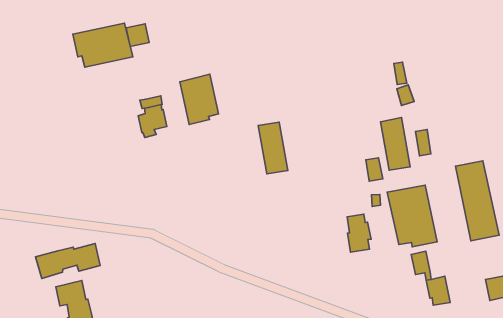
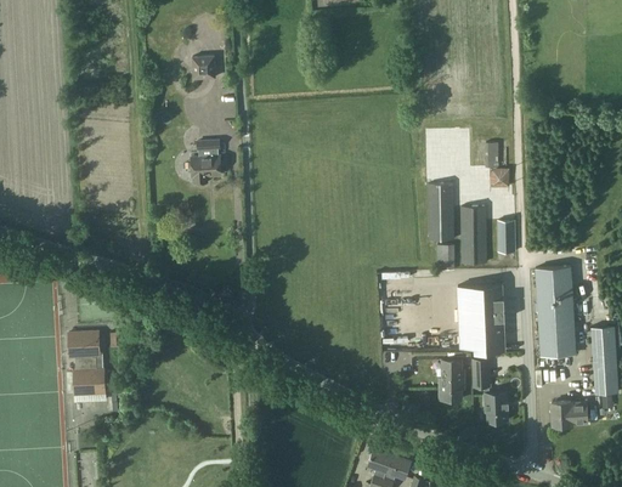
building: [73,23,133,67] -> none
building: [180,74,218,124] -> none
building: [258,122,288,174] -> [429,183,454,239]
building: [347,214,371,252] -> [440,359,465,400]
building: [35,244,100,278] -> none

